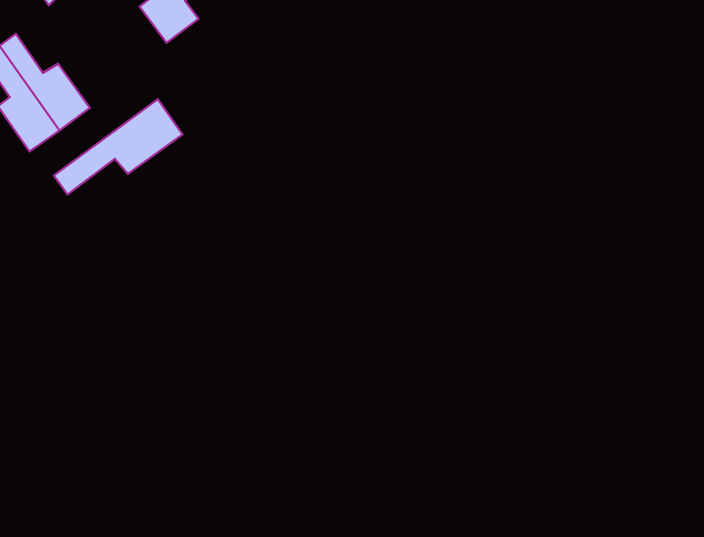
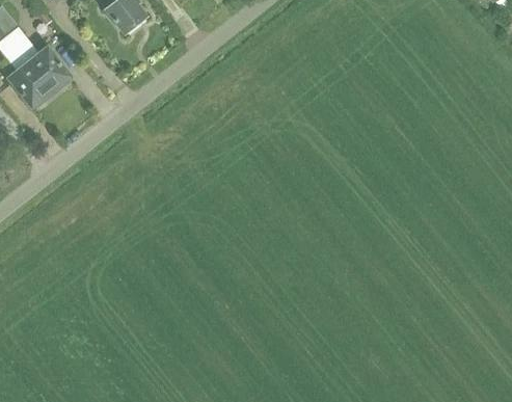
building: [54,99,182,194] -> none

